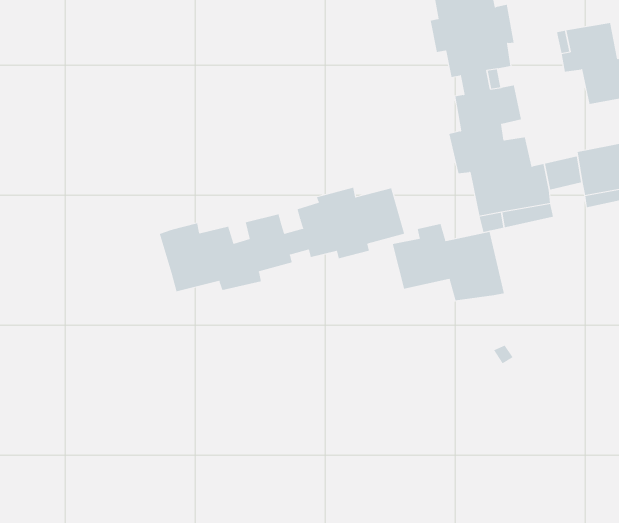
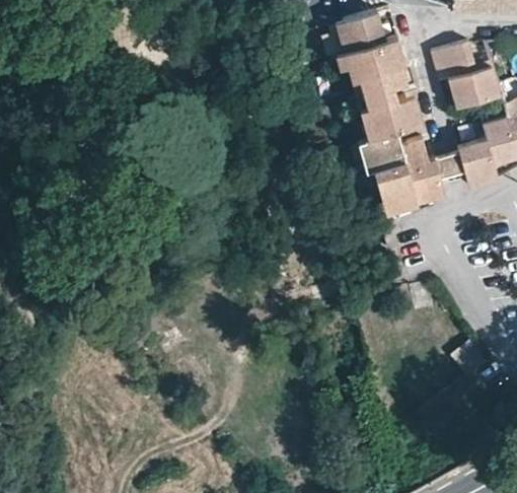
building: [159,187,405,292] -> none
building: [392,223,504,301] -> none

